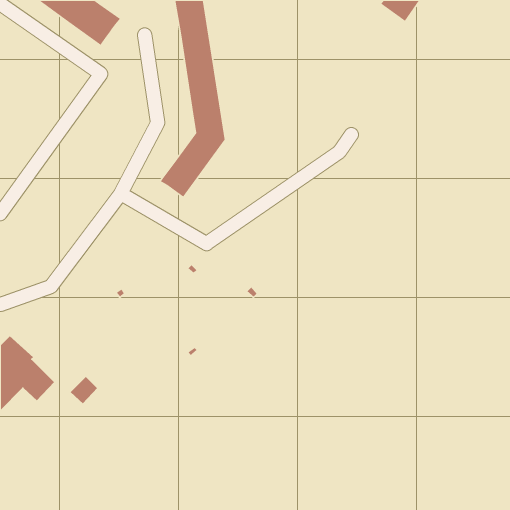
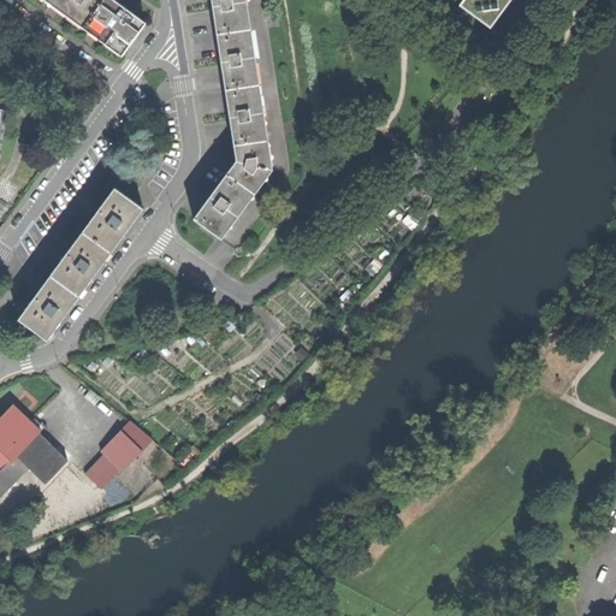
building: none -> [18,188,143,339]
building: none -> [100,421,150,472]

